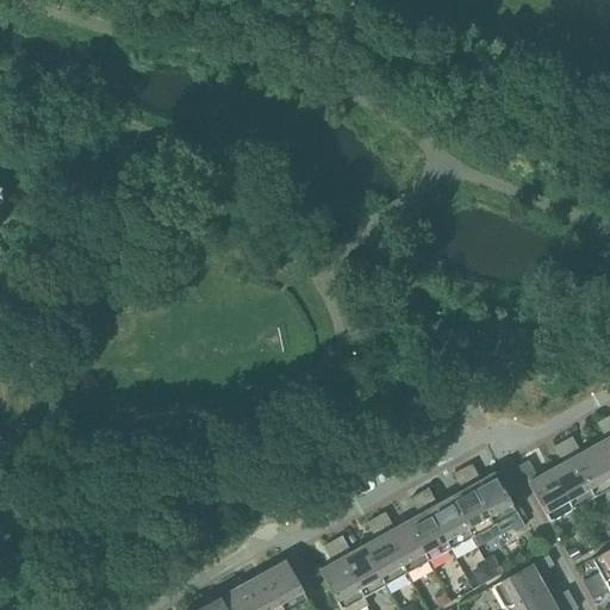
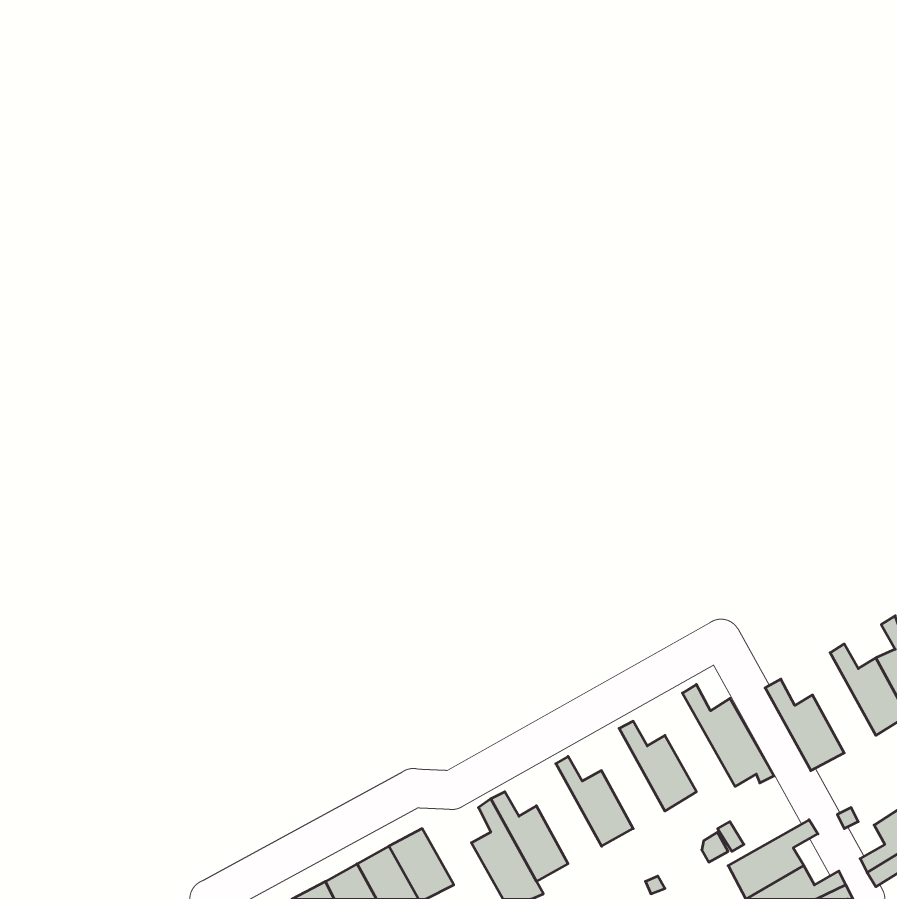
building: [552,442,595,510] -> none
building: [452,469,494,536] -> none
building: [409,493,452,561] -> none
building: [365,517,409,585] -> none

